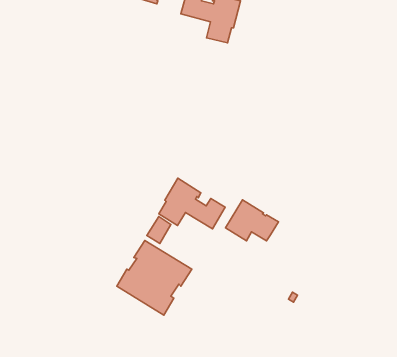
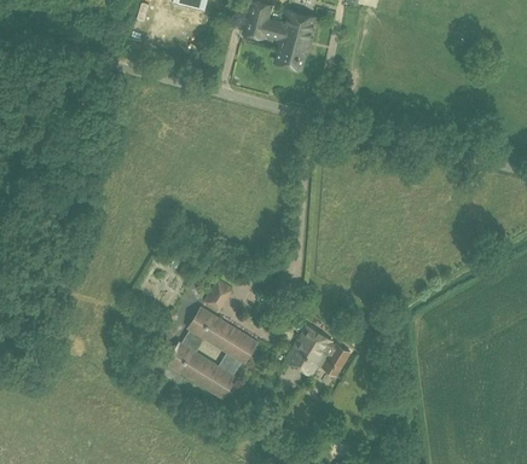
building: [159,178,225,229] -> none
building: [226,200,278,241] -> [285,324,349,373]

